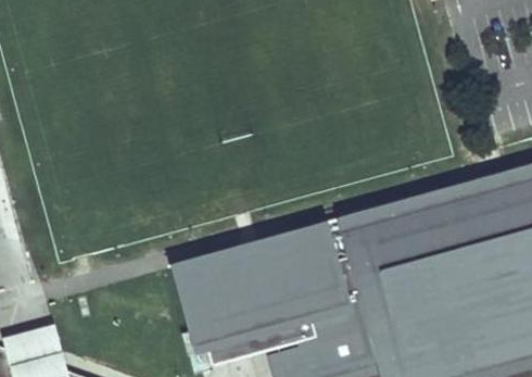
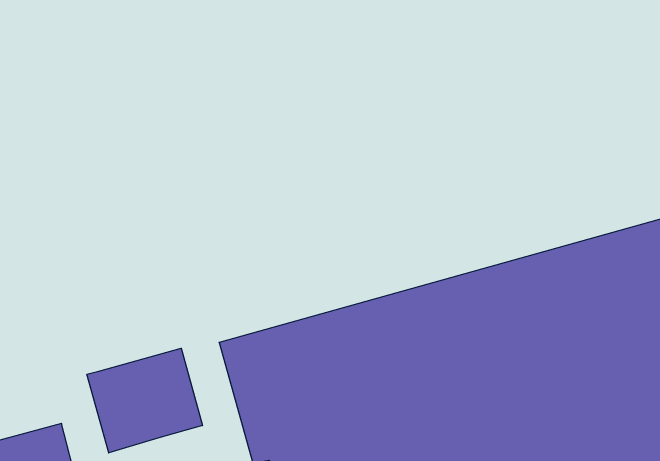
building: none -> [87,348,202,453]

